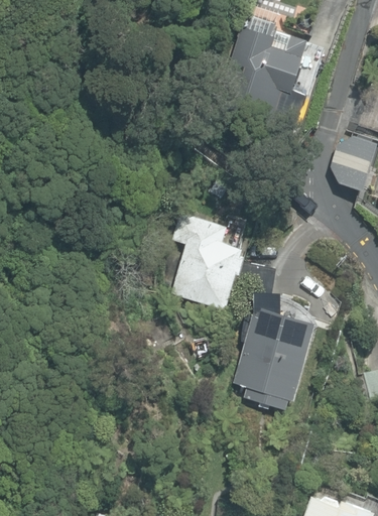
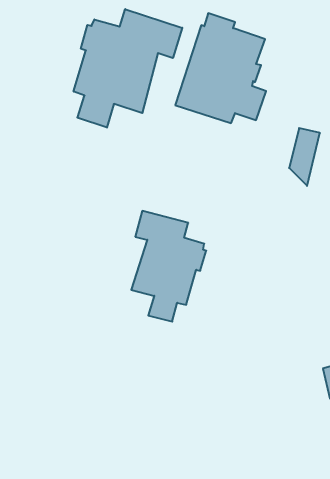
building: none -> [74,9,182,128]
building: [230,291,321,416] -> none

